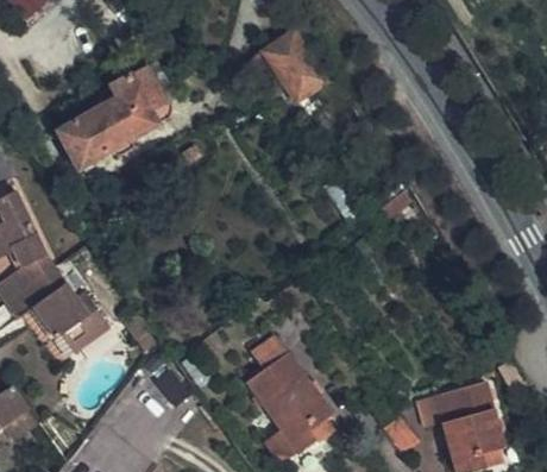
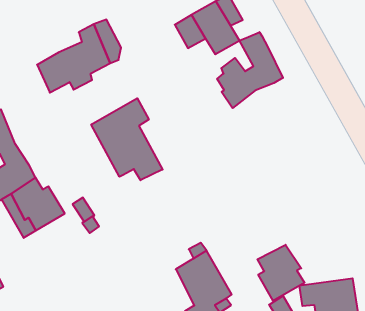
building: none -> [217,32,283,108]
building: none -> [91,98,163,180]
building: none -> [257,245,305,301]

